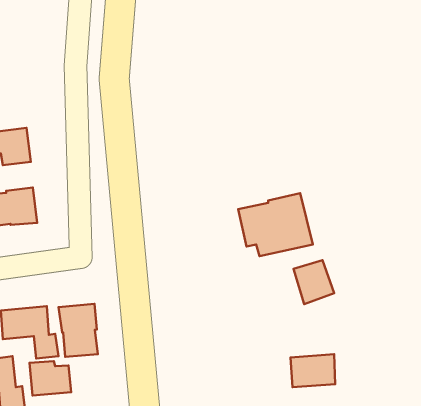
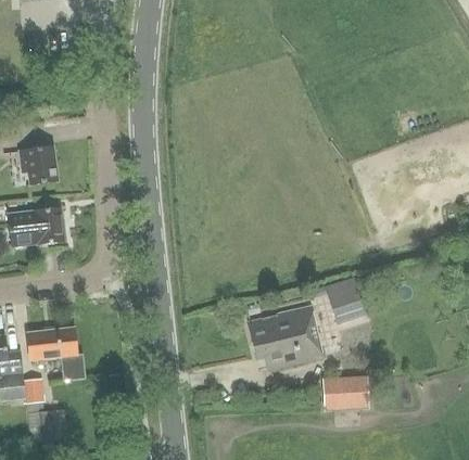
building: [238,193,313,256] -> [246,304,322,368]
building: [59,304,98,357] -> none
building: [30,361,71,396] -> none

